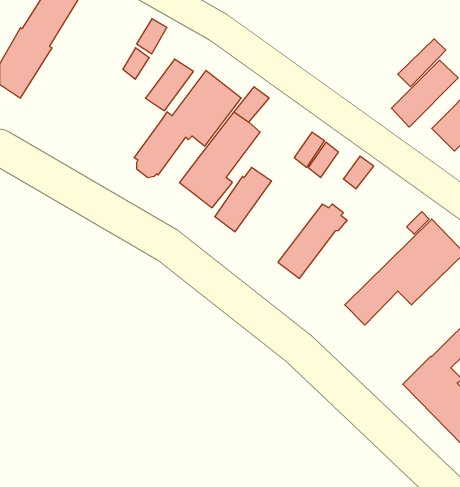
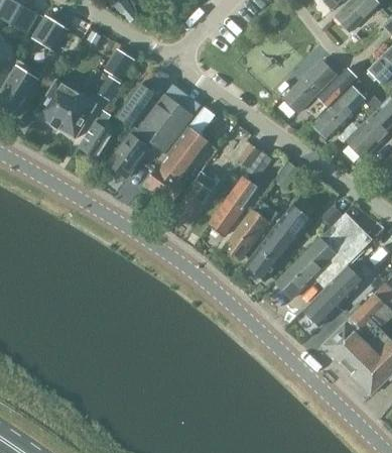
building: none -> [283,59,336,112]
building: none -> [35,79,101,137]
building: none -> [79,109,116,158]
building: none -> [209,175,260,234]
building: none -> [245,204,312,279]
building: none -> [303,264,364,325]

